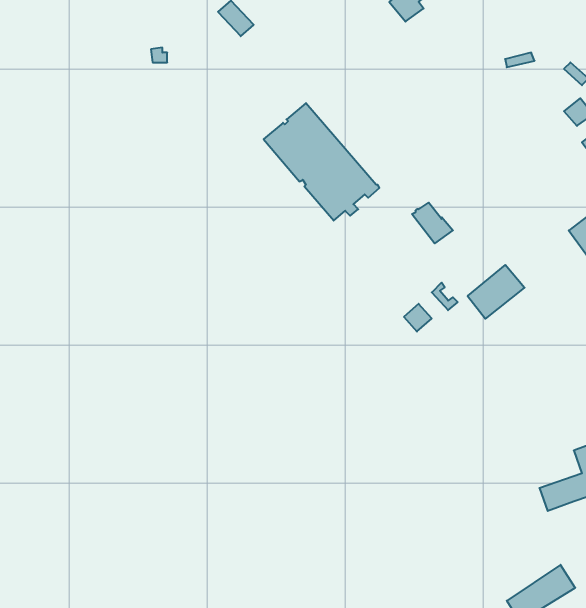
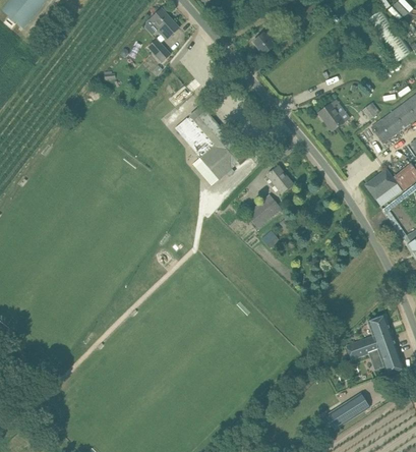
building: none -> [318,103,348,130]
building: [468,265,525,319] -> [246,194,282,228]

